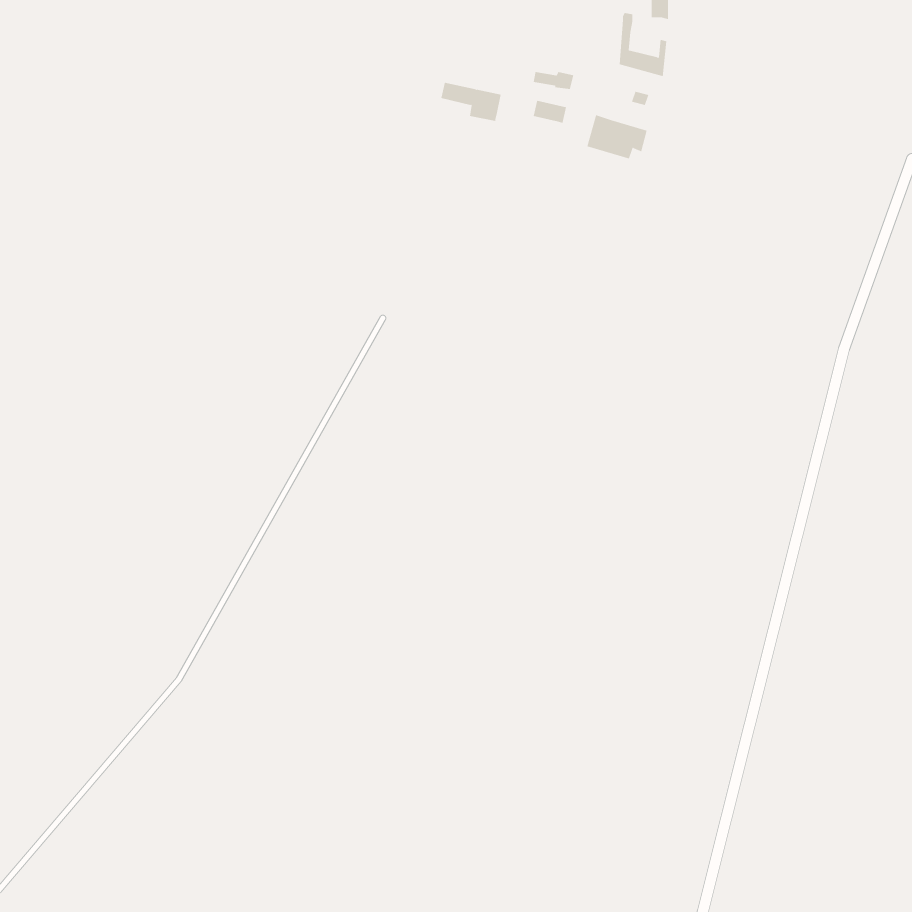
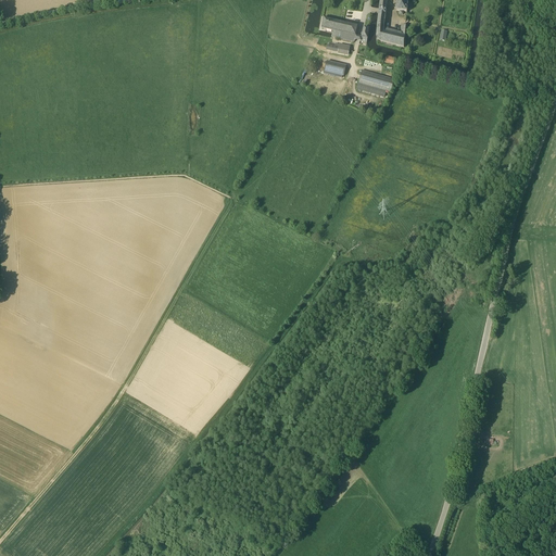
building: [441,82,501,121] -> [320,17,357,41]

